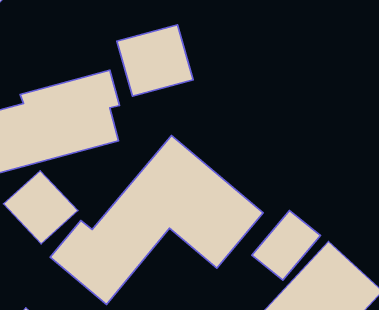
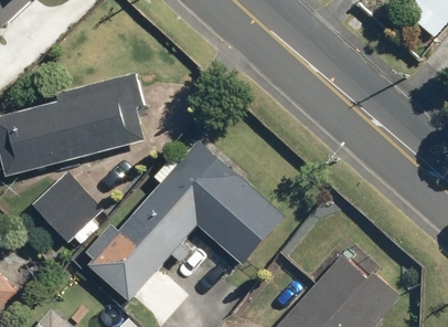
building: [117,25,193,96] -> none
building: [252,211,321,280] -> none

